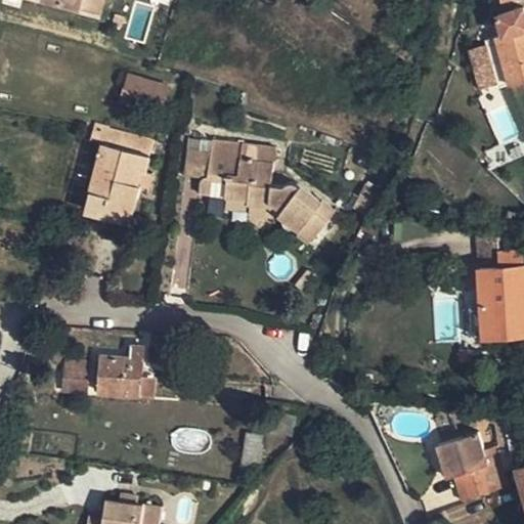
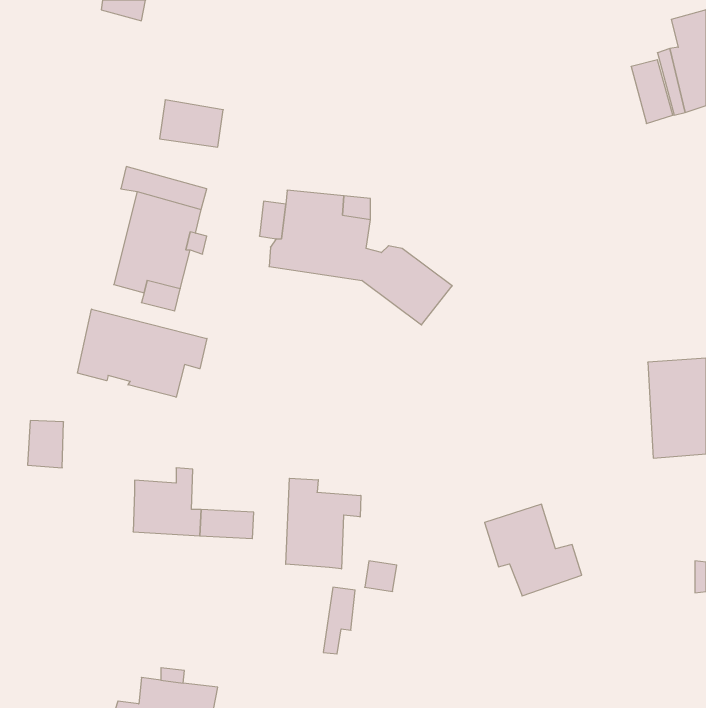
building: none -> [78,309,207,397]
building: none -> [286,478,361,569]
building: [60,360,87,395] -> [28,421,64,468]
building: [435,432,507,499] -> [485,504,582,596]

